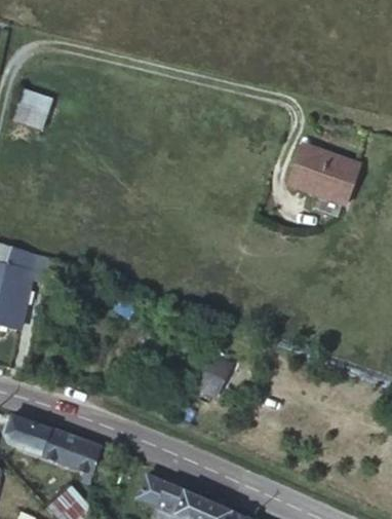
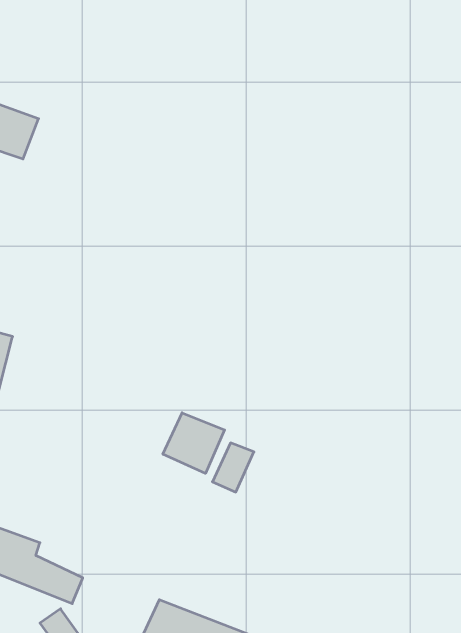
building: [287,142,365,203] -> none
building: none -> [163,413,225,473]

